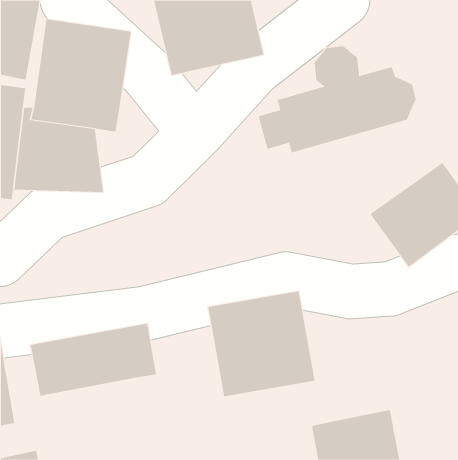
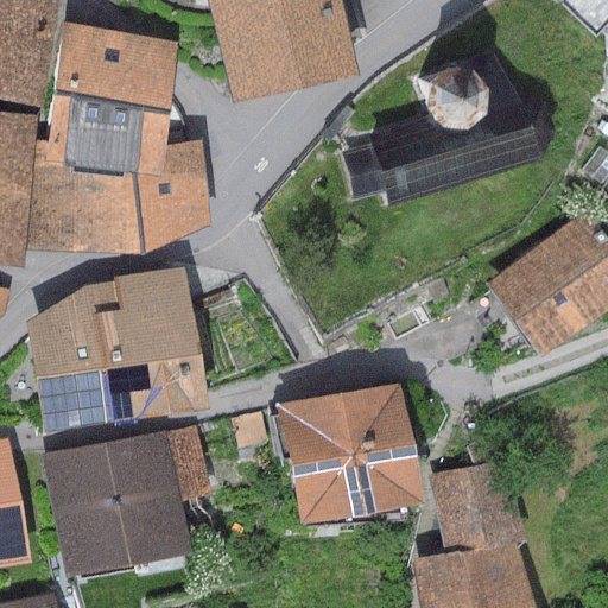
building: none -> [129,140,209,254]
building: none -> [26,268,207,429]
building: none -> [431,462,522,555]
building: none -> [56,499,190,576]

